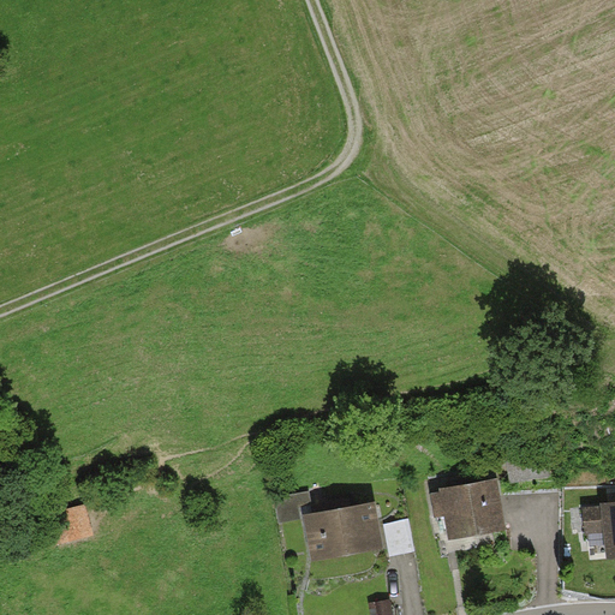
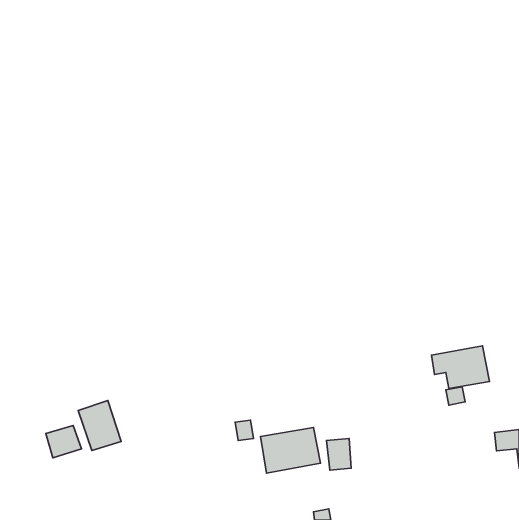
building: none -> [78,400,121,451]
building: [432,483,501,533] -> [432,346,490,389]

